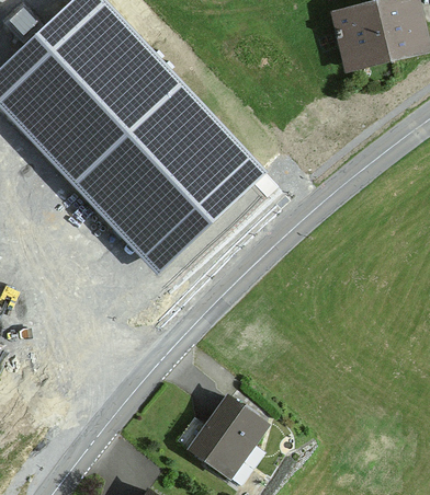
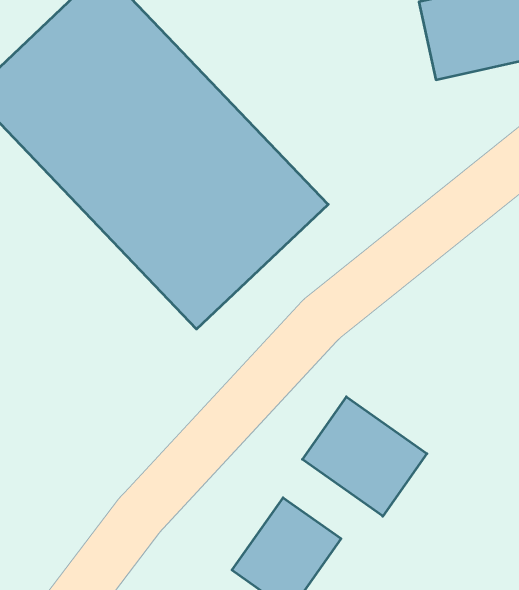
building: none -> [302,397,427,516]

